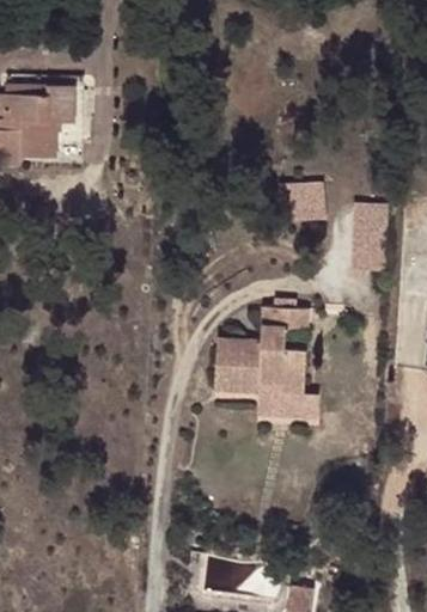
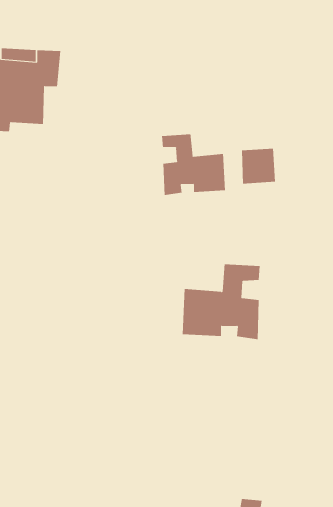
building: none -> [161,133,226,196]
building: [350,204,384,271] -> none

